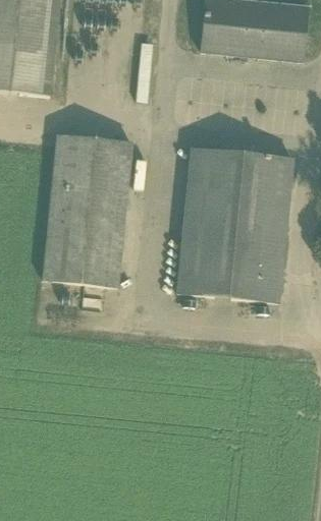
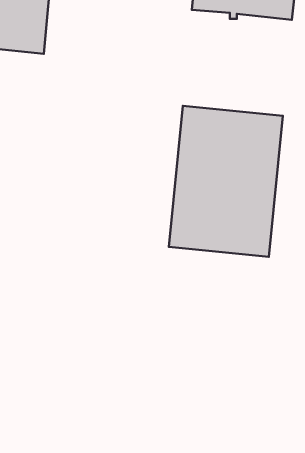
building: [43,134,132,285] -> none

